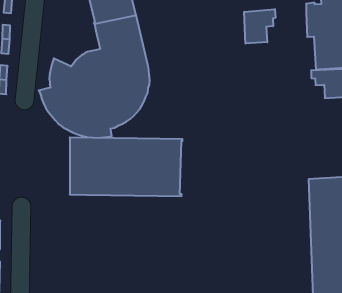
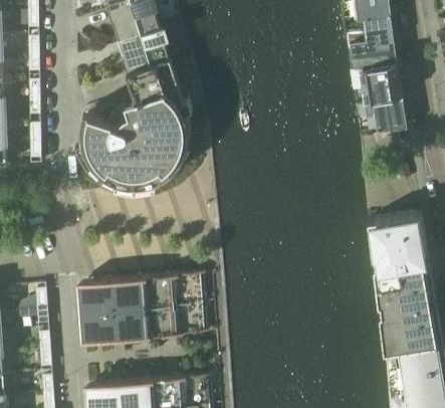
building: [244,9,276,44] -> none
building: [70,137,183,196] -> [82,273,206,342]

